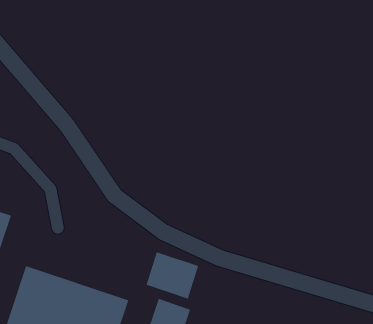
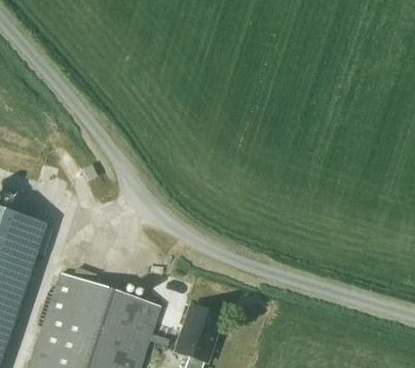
building: [146,251,199,299] -> none

